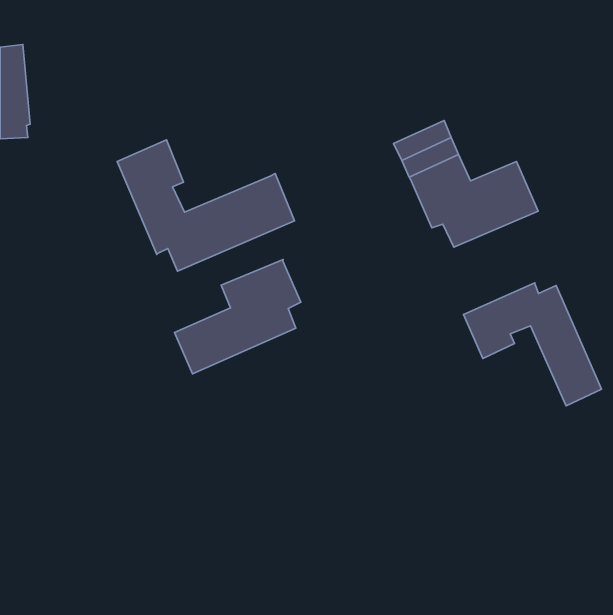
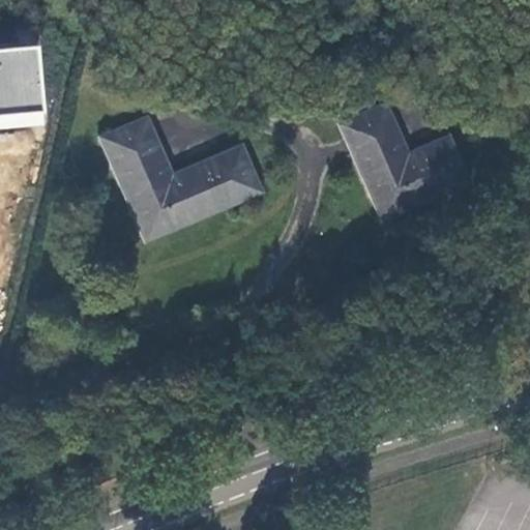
building: [175,260,301,374] -> none
building: [464,283,602,406] -> none

